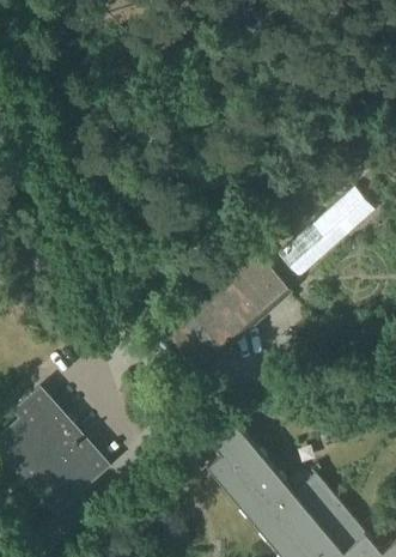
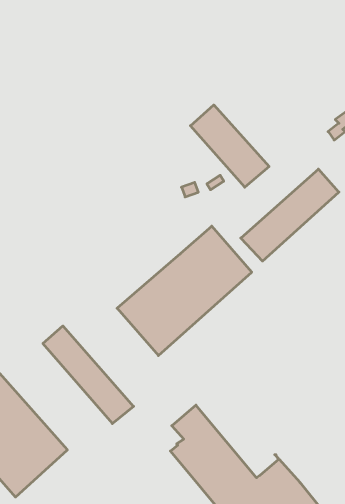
building: none -> [190,105,269,187]
building: none -> [43,326,134,424]

